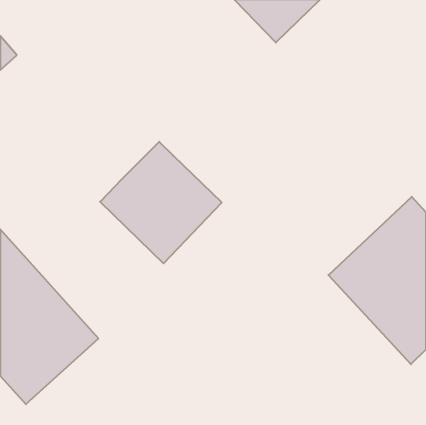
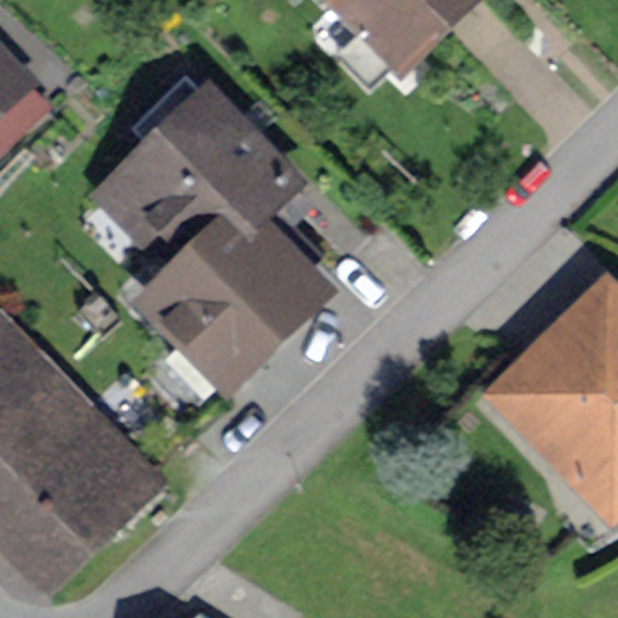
building: none -> [105,86,301,260]

